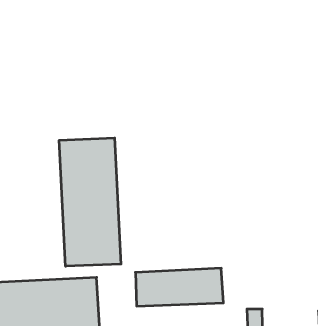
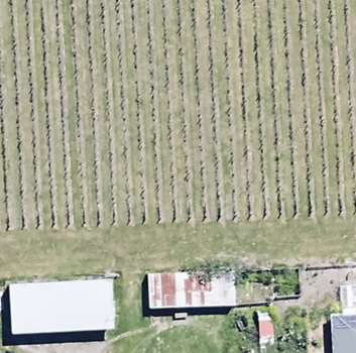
building: [59,138,121,266] -> none

